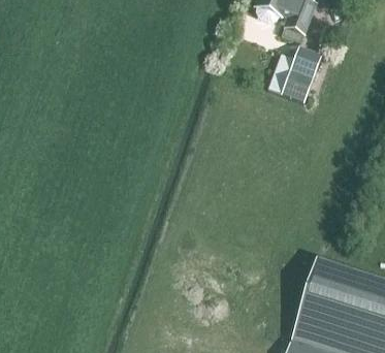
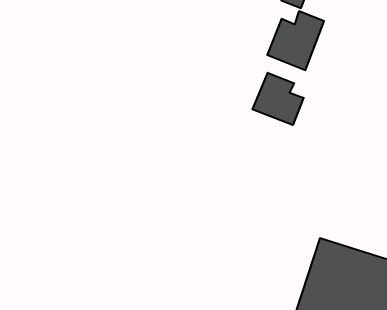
building: none -> [252,73,304,125]

